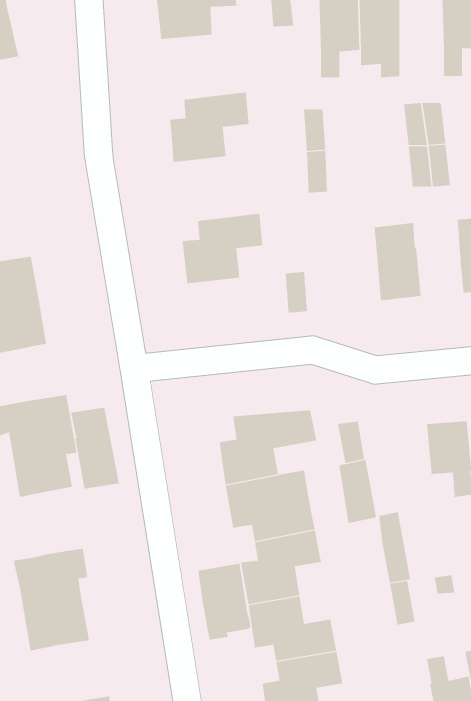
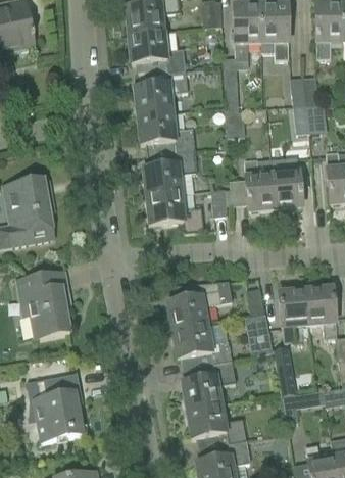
building: none -> [129,30,186,75]
building: none -> [137,112,195,155]
building: none -> [244,159,275,210]
building: none -> [146,193,203,233]
building: [71,407,119,489] -> none
building: none -> [279,290,308,342]
building: [198,563,251,641] -> none

